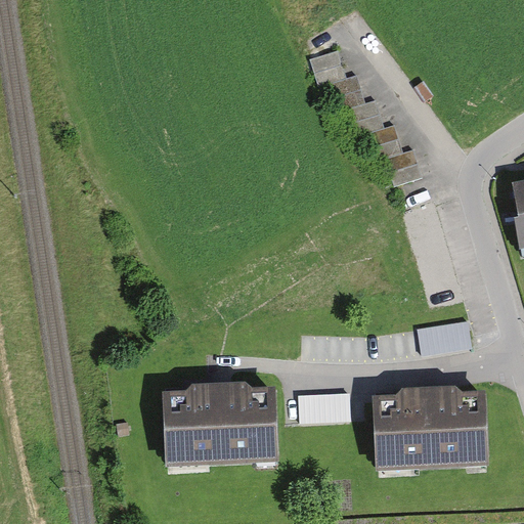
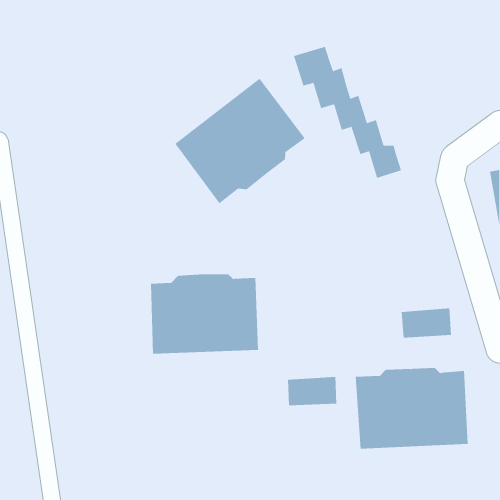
building: none -> [175,78,306,204]
building: [164,381,277,465] -> [150,274,259,354]

